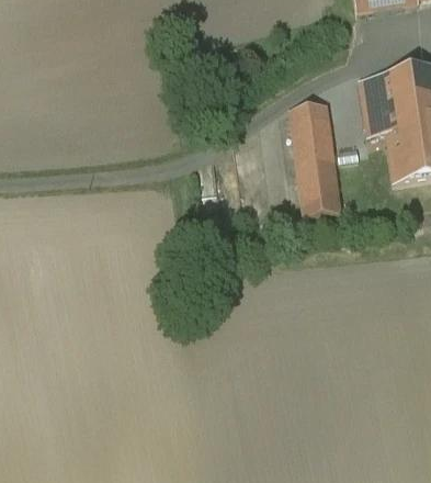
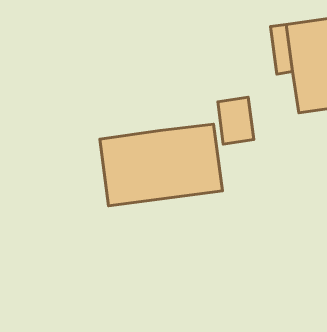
building: [290,102,333,165] -> none
building: none -> [100,124,223,206]

